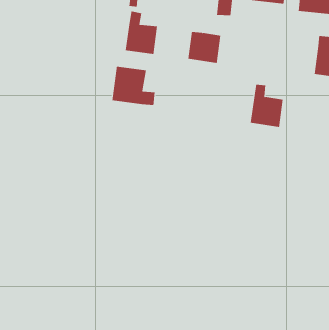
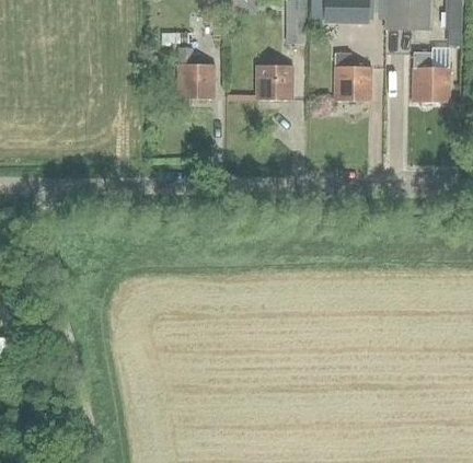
building: [112,66,155,106] -> none
building: [250,84,284,128] -> [333,53,371,103]

